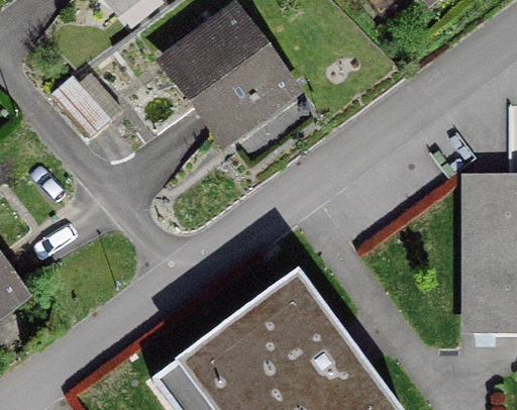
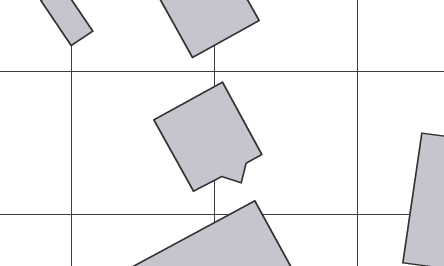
building: none -> [154,82,262,191]

